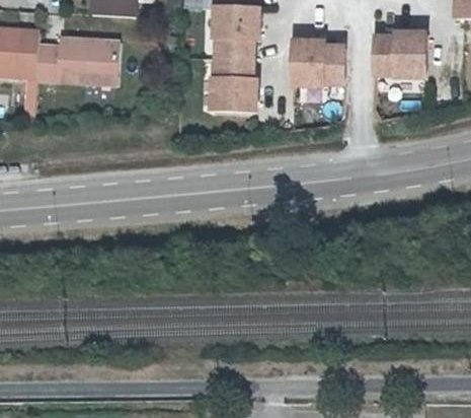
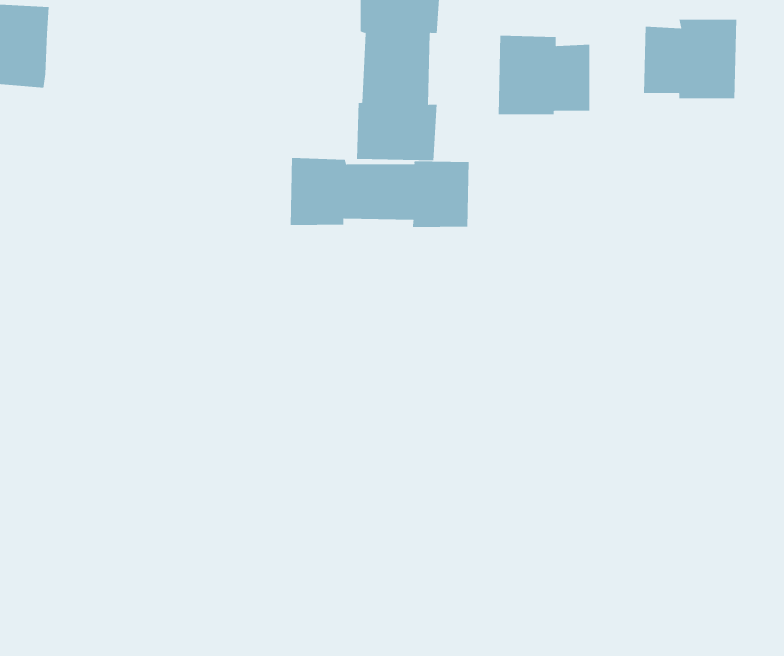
building: [32,34,114,81] -> none
building: none -> [290,157,469,228]

